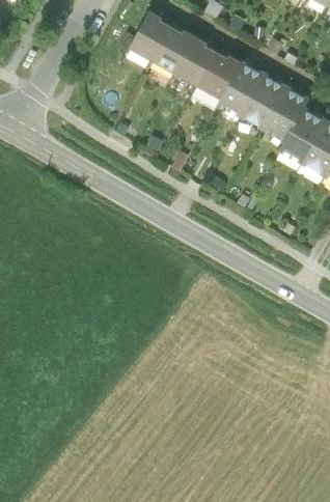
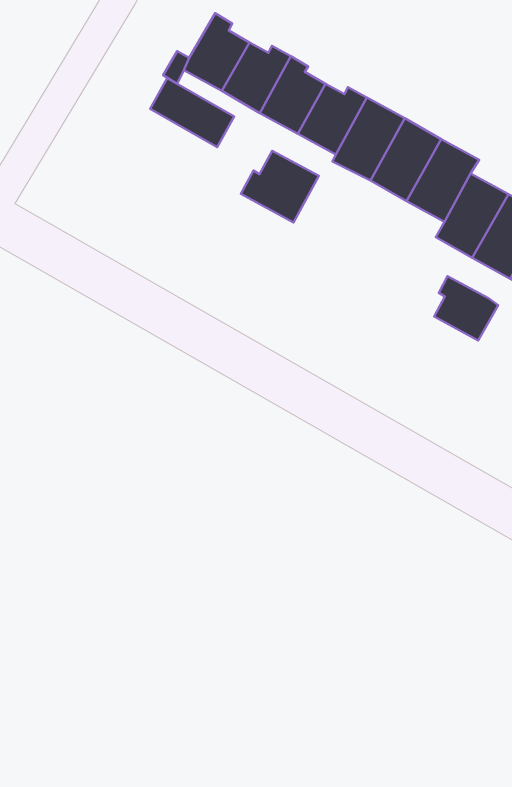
building: none -> [150,78,234,147]
building: none -> [241,151,319,223]
building: none -> [434,276,498,340]

